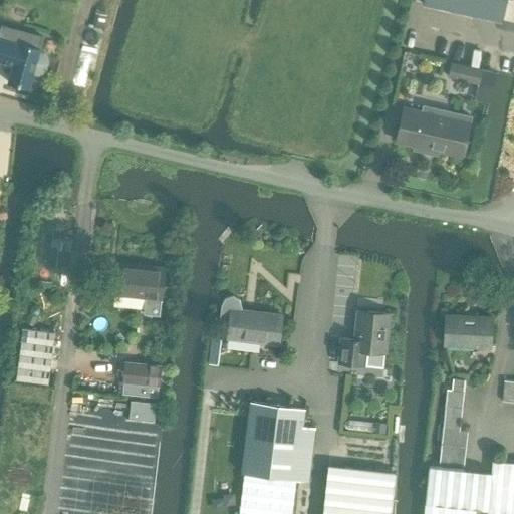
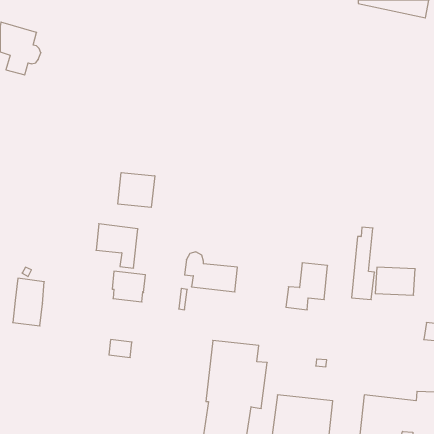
building: [449,64,497,104] -> none
building: [397,107,471,157] -> none
building: none -> [118,173,155,207]
building: [123,362,163,399] -> [112,271,145,302]
building: [441,380,468,466] -> [352,227,375,300]

